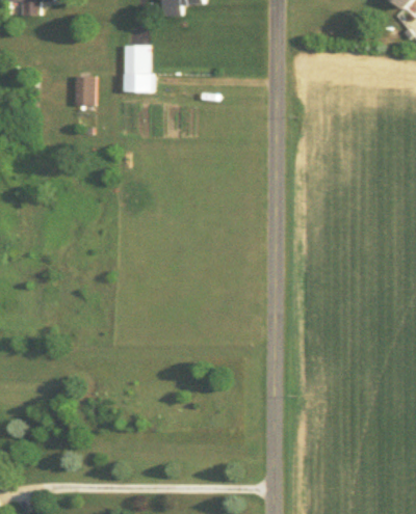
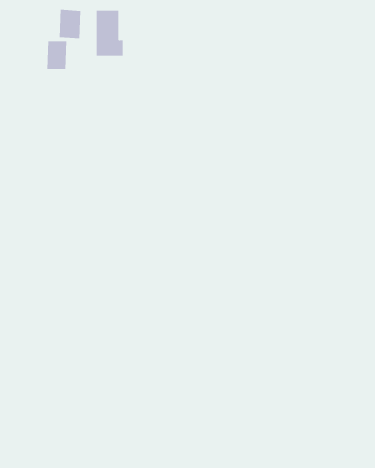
building: none -> [59,9,81,39]

